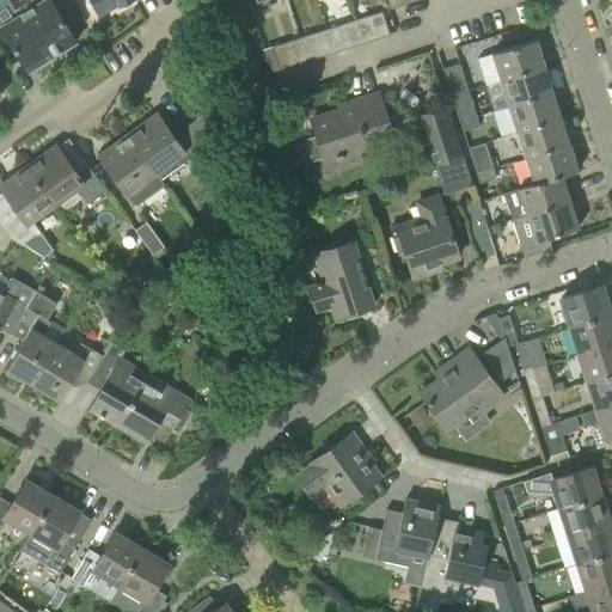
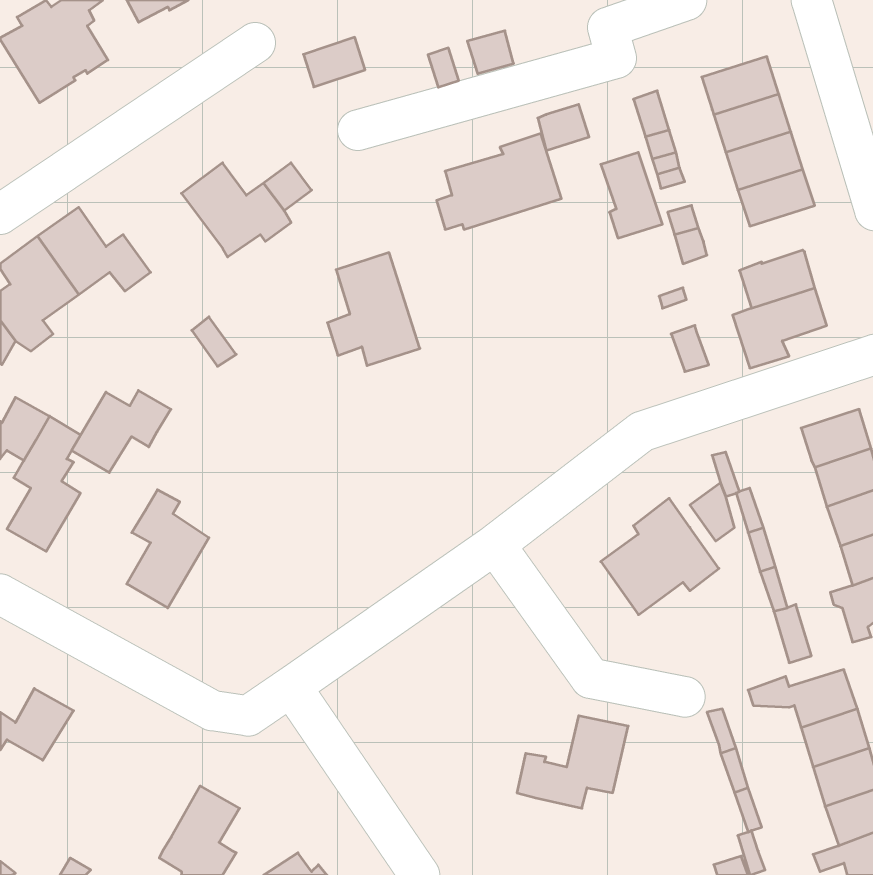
building: [354,12,390,44] -> [538,104,589,151]
building: [264,38,307,73] -> [303,37,365,87]
building: [99,135,165,207] -> none
building: [525,143,579,184] -> none
building: [436,158,472,194] -> none
building: [392,192,459,277] -> none
building: [308,239,373,318] -> [327,253,420,366]
building: [33,343,103,400] -> [72,390,171,473]
building: [118,375,190,442] -> none
building: [295,433,381,506] -> none
building: [22,496,81,573] -> none
building: [422,528,500,593] -> none
building: [72,533,141,585] -> none

